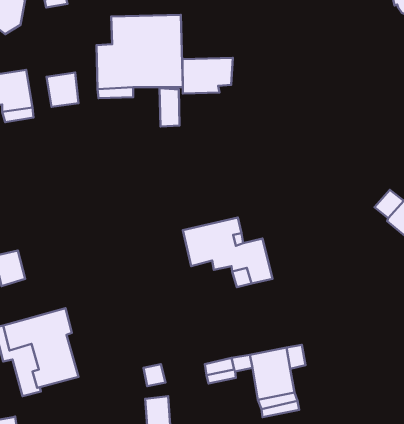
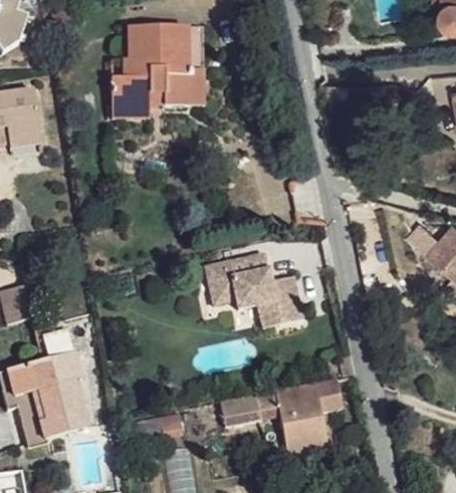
building: [183,58,233,94] -> none
building: [46,72,79,107] -> none
building: [159,88,179,126] -> none

